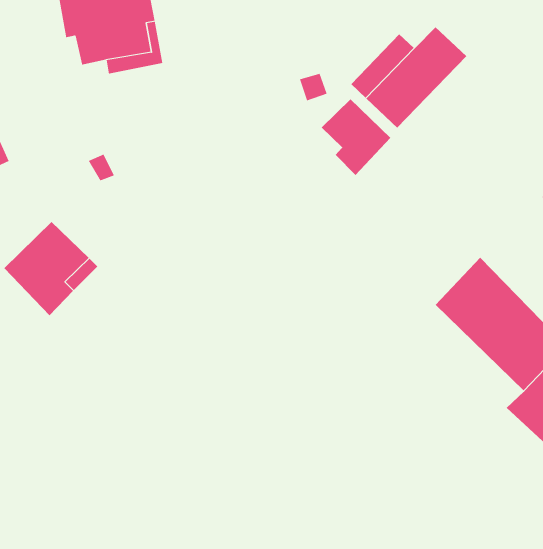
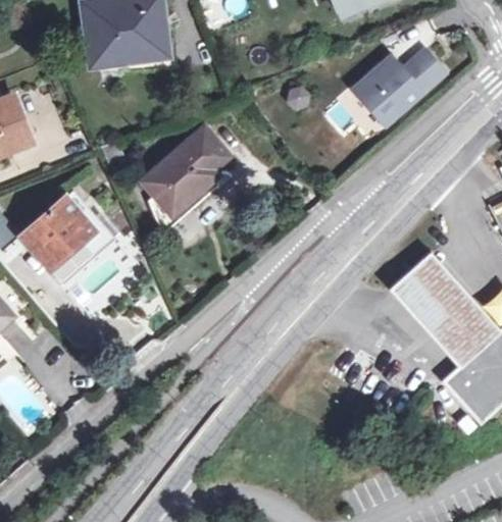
building: [321,99,391,176] -> none
building: none -> [142,121,237,228]

